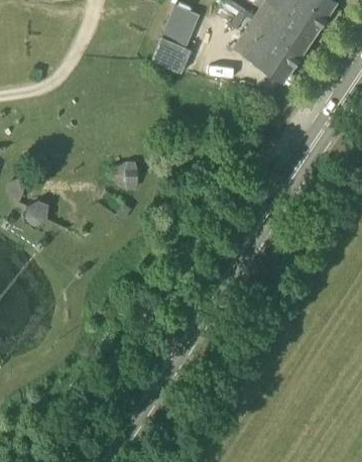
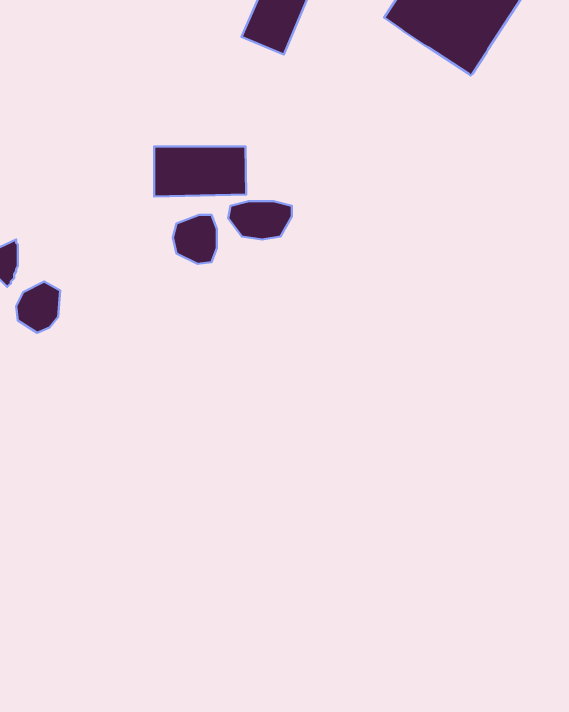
building: none -> [154,146,246,196]
building: none -> [228,201,292,240]

